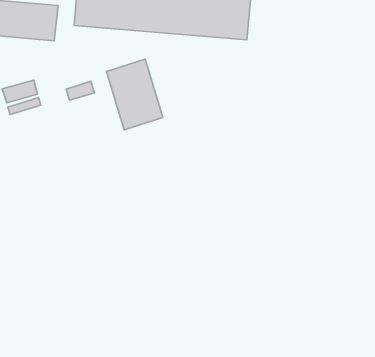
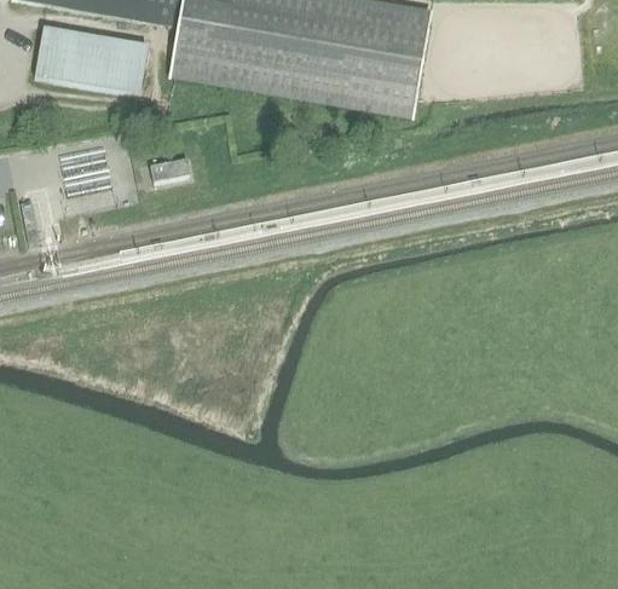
building: [107,59,163,130] -> none

